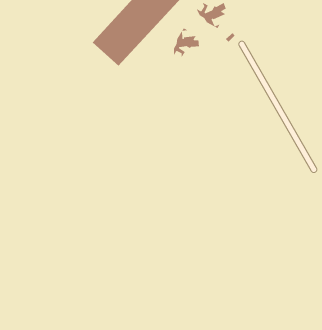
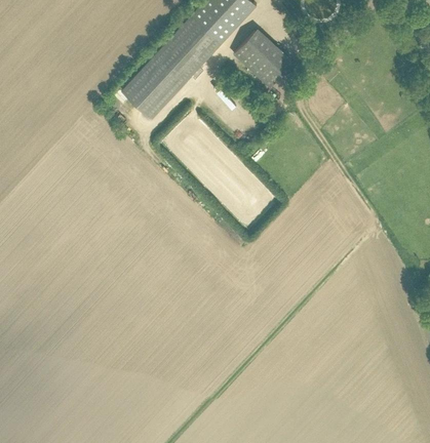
building: [173,27,200,60] -> none

